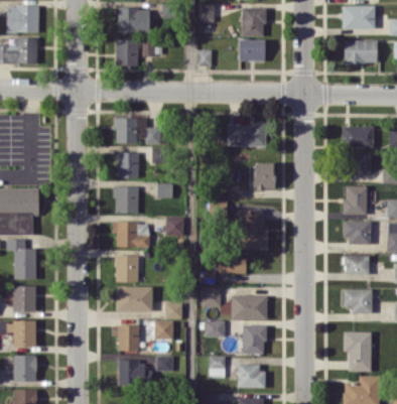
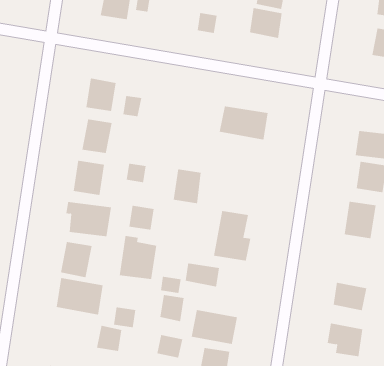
building: [254,163,275,189] -> [173,169,201,204]
building: [345,221,371,244] -> none
building: none -> [119,235,157,280]
building: [112,325,139,352] -> none

